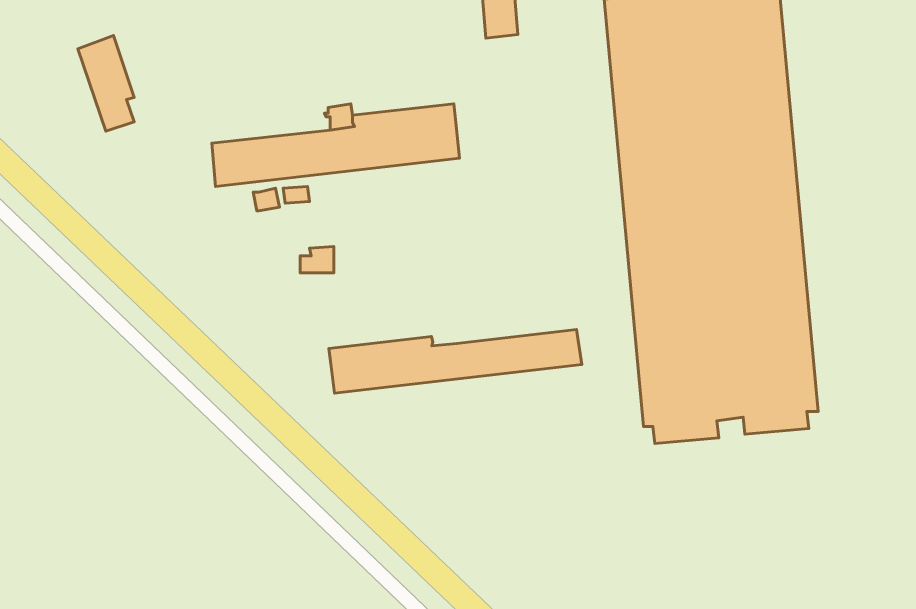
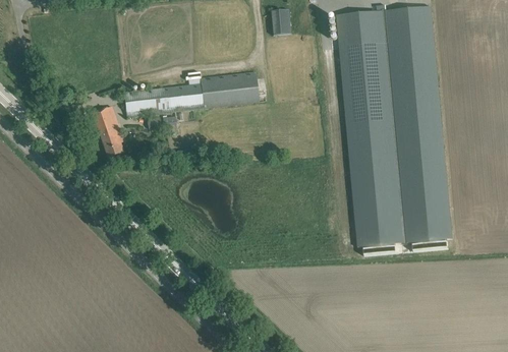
building: [78,36,134,131] -> [92,105,122,157]
building: [329,329,582,393] -> none

